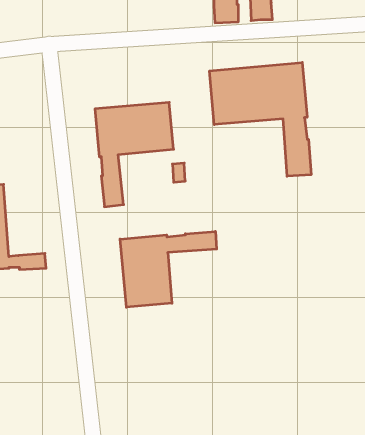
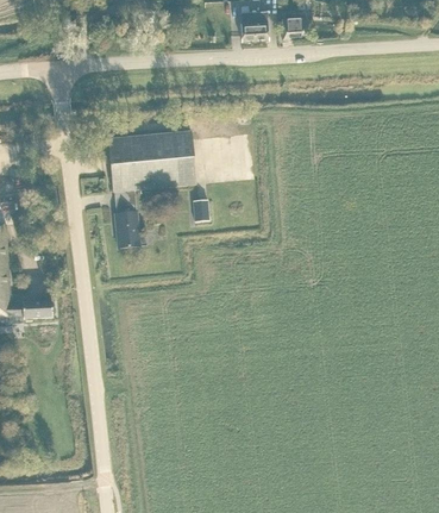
building: [210,62,311,176] -> none
building: [120,231,217,307] -> none

